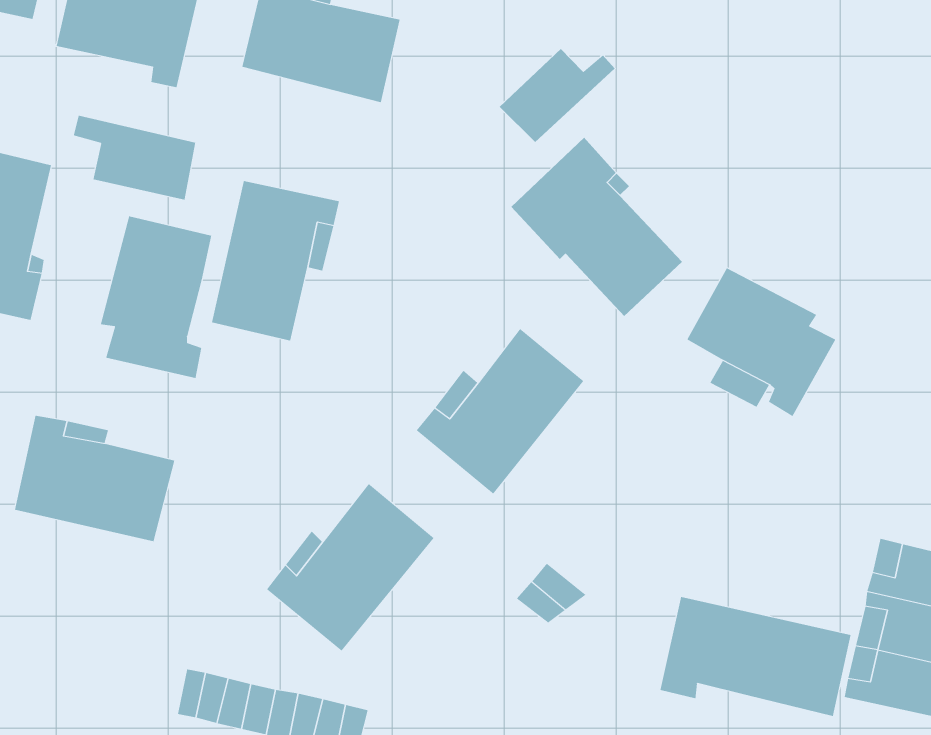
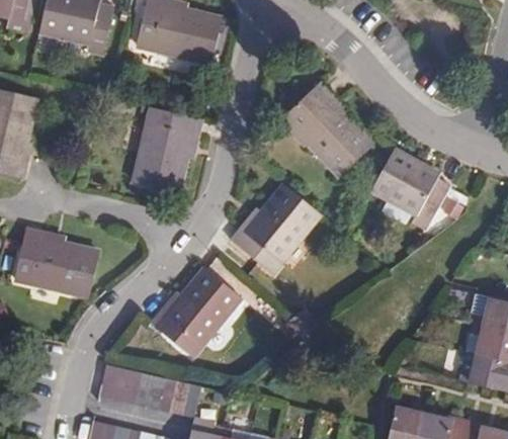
building: [499,48,615,143] -> none
building: [73,115,196,201] -> none
building: [100,216,212,379] -> none
building: [660,596,851,717] -> none

